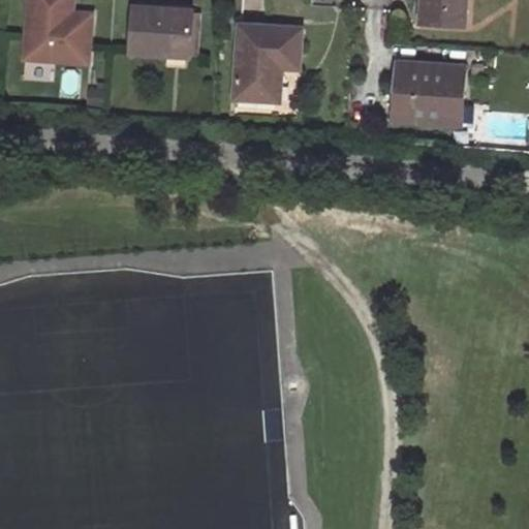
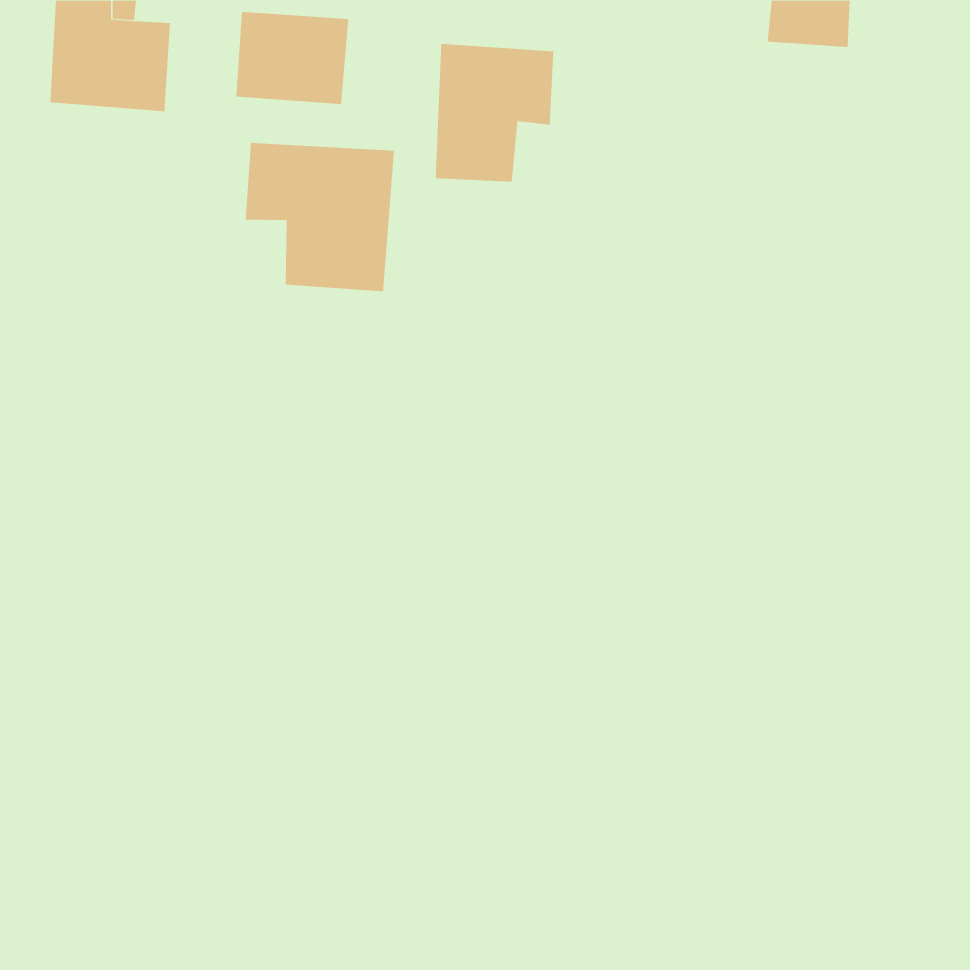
building: [392,61,463,122] -> none
building: none -> [245,142,395,292]

